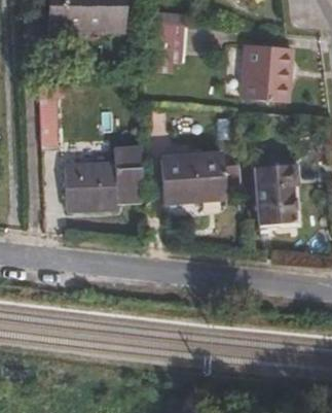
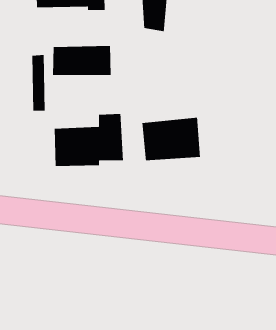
building: [243,39,294,101] -> none
building: none -> [52,45,111,76]
building: [256,165,304,226] -> none

